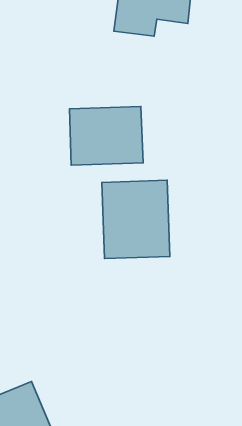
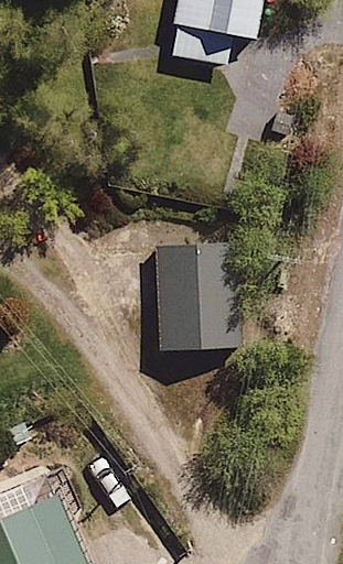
building: [70,106,143,165] -> none

